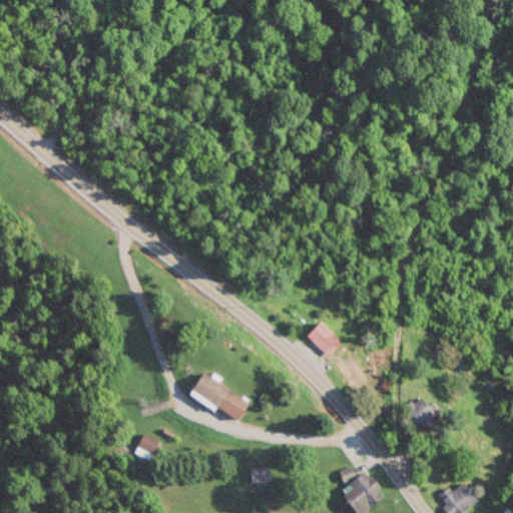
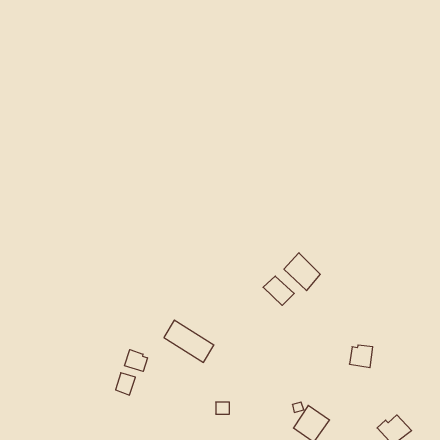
building: none -> [284,253,320,291]
building: none -> [124,350,147,371]

